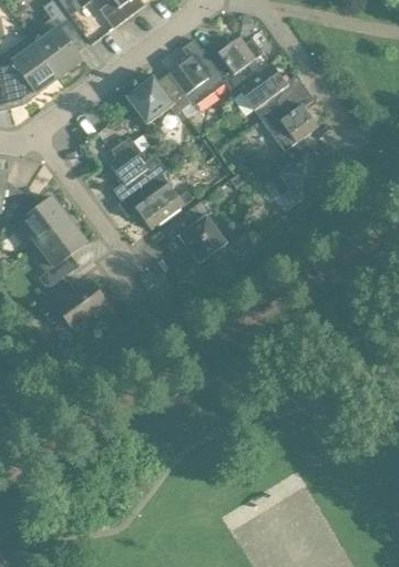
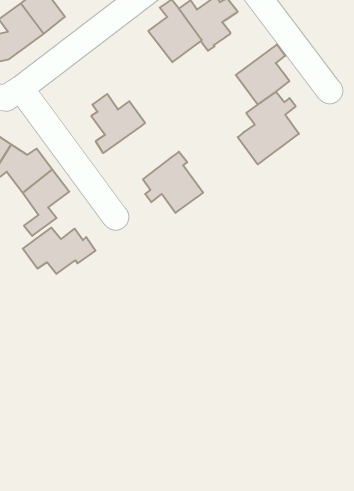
building: [237,62,304,118] -> none
building: [124,72,196,124] -> none
building: [116,173,192,228] -> none

